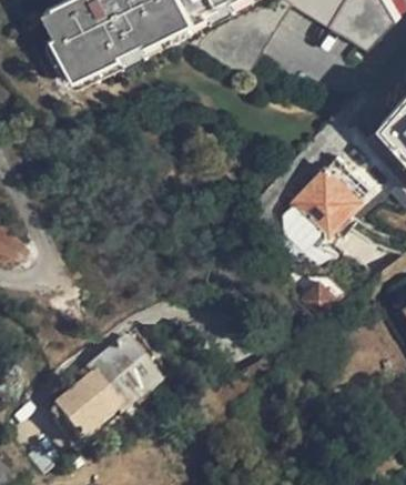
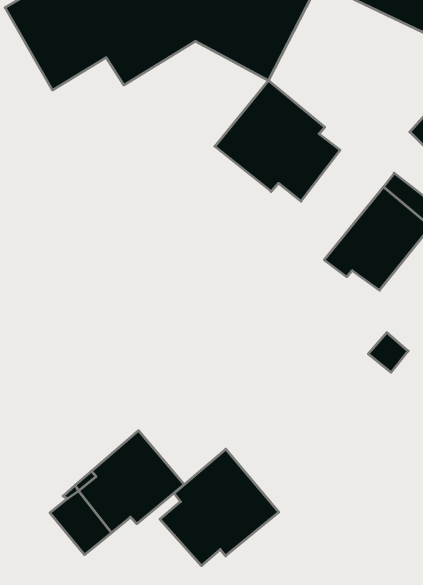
building: none -> [215,80,340,201]
building: none -> [160,449,279,566]

